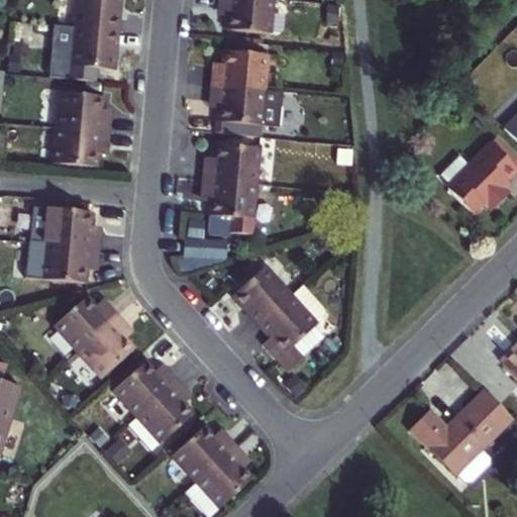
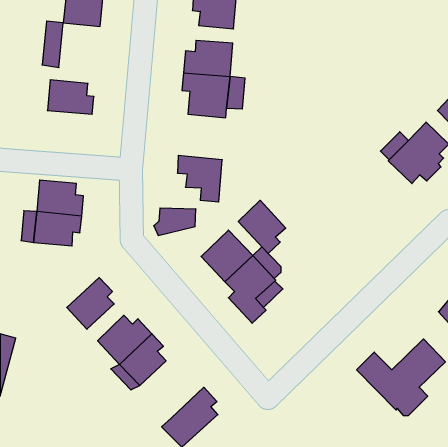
building: [69,26,116,81] -> none
building: [53,127,107,165] -> none
building: [206,143,261,184] -> none
building: none -> [238,200,286,254]
building: [55,299,115,353] -> none
building: [174,426,235,481] -> none

